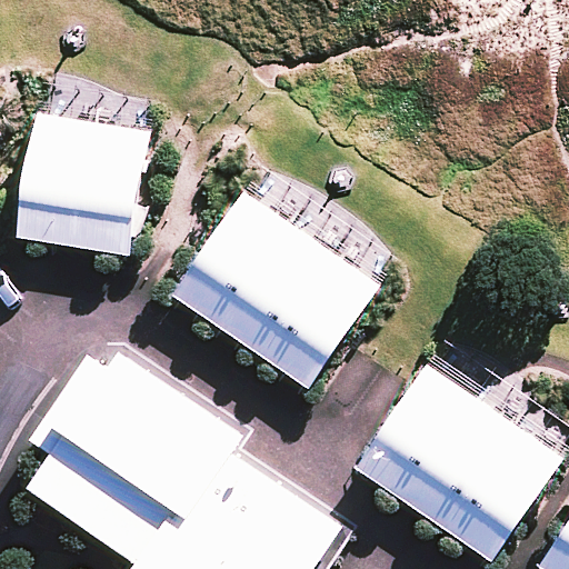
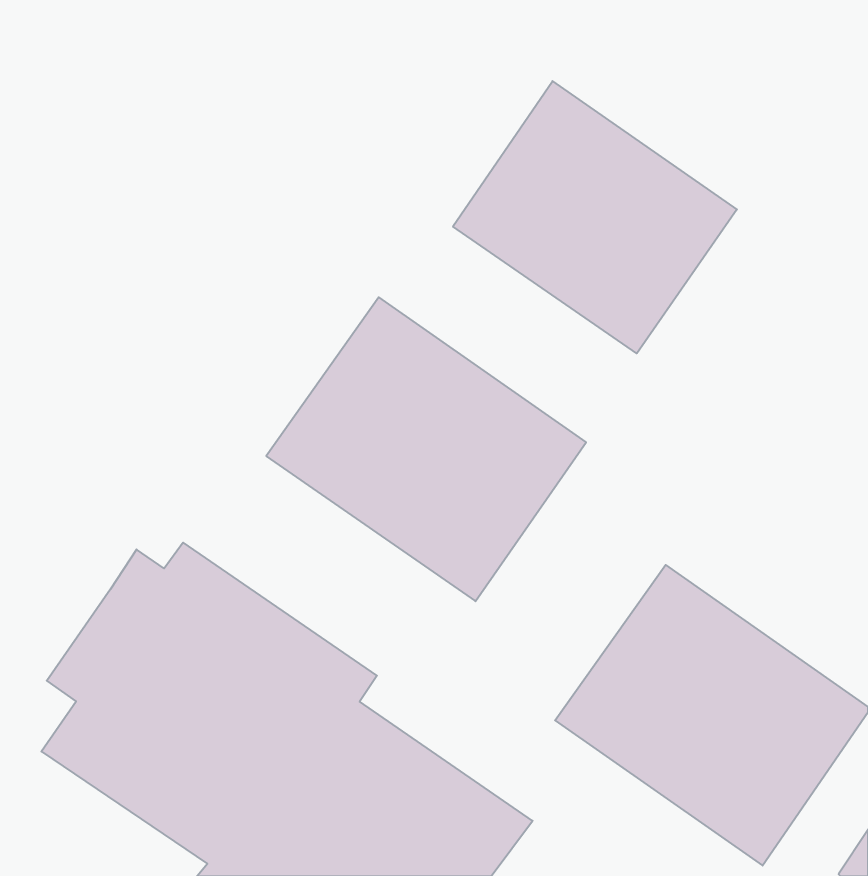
building: none -> [453,81,737,353]
building: [27,114,160,256] -> none

